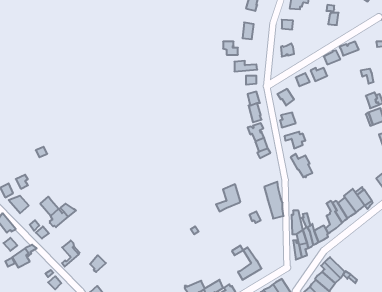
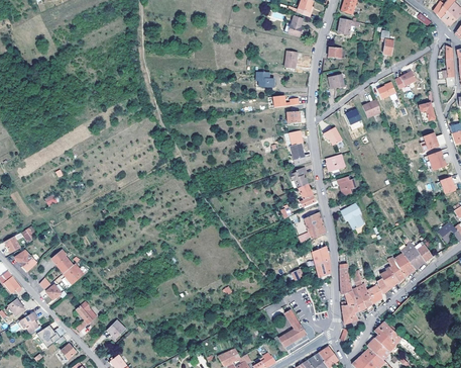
building: [216,184,240,211] -> [297,213,325,245]

